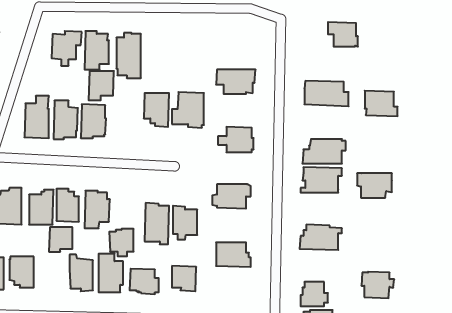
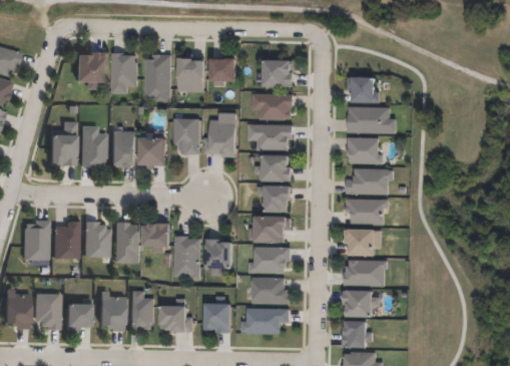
building: [328,22,358,47] -> [349,77,381,103]
building: none -> [213,54,238,86]
building: none -> [179,58,205,92]
building: none -> [256,60,294,87]
building: [89,71,114,100] -> [138,137,165,168]
building: [365,91,398,116] -> [347,136,382,163]
building: none -> [249,124,295,150]
building: none -> [256,185,289,211]
building: [357,173,392,198] -> [343,229,380,255]
building: none -> [246,246,288,272]
building: [49,227,72,252] -> [61,303,86,329]
building: [109,229,134,256] -> [145,224,171,253]
building: none -> [239,307,288,333]
building: [361,272,394,298] -> [343,289,378,317]

